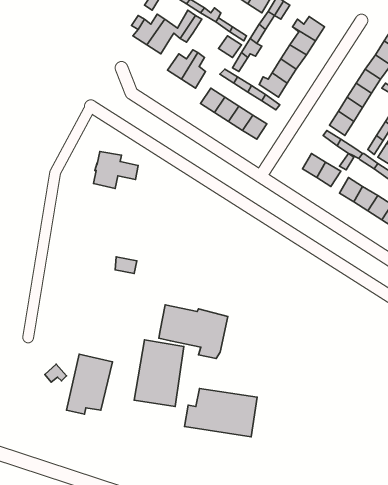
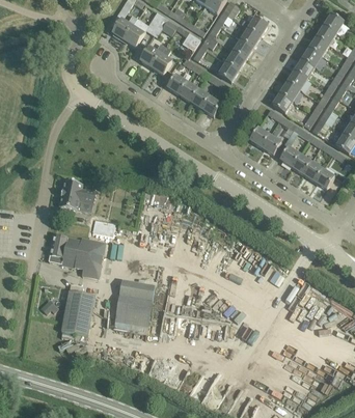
building: [93,151,138,188] -> [59,180,95,211]
building: [159,305,228,359] -> [49,234,105,278]
building: [185,389,257,437] -> none

